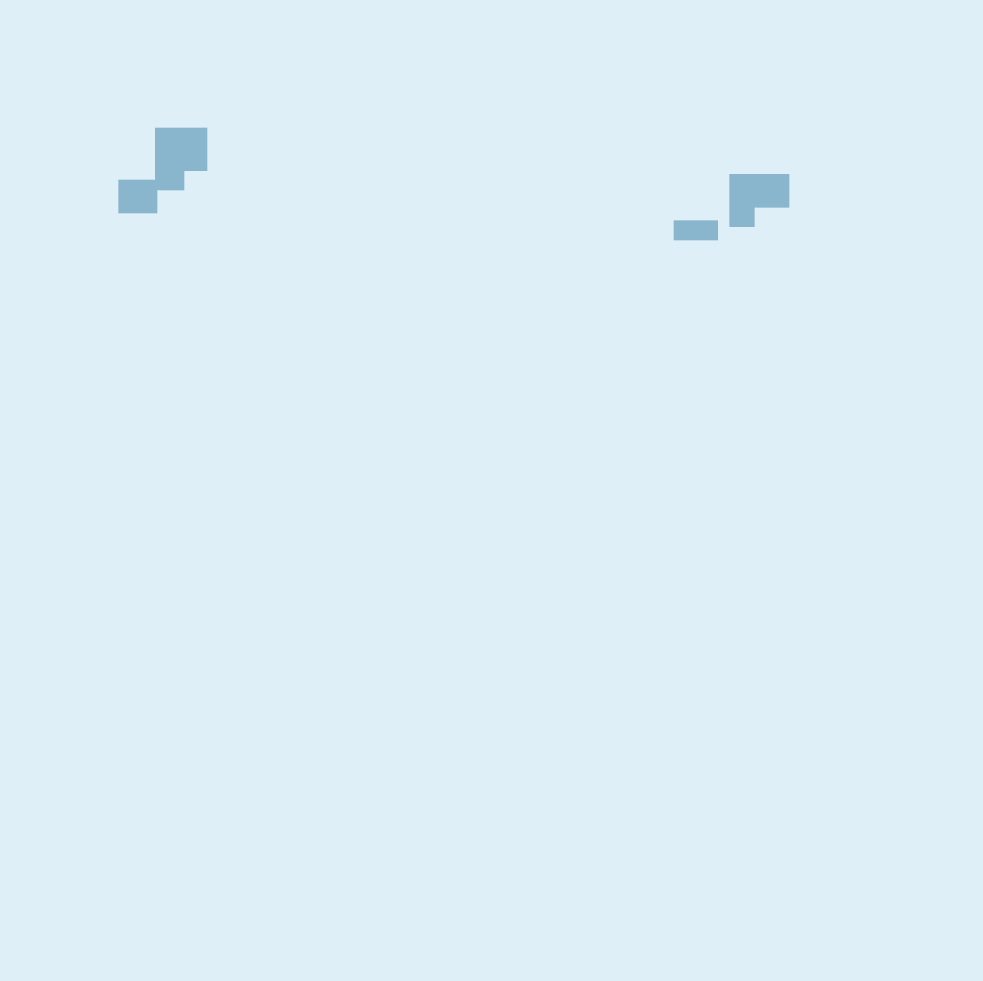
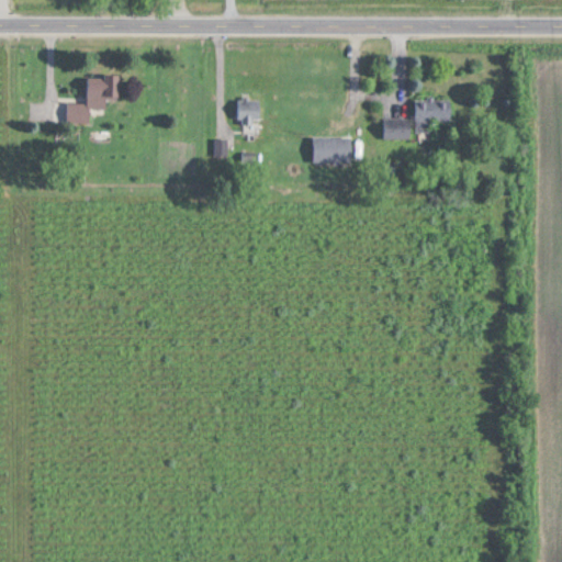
building: none -> [238,100,259,124]
building: none -> [313,138,350,164]

